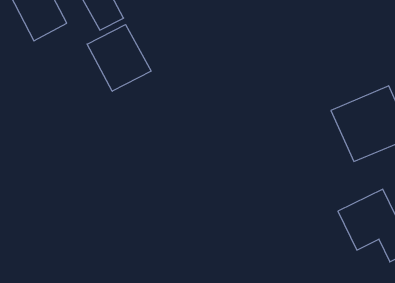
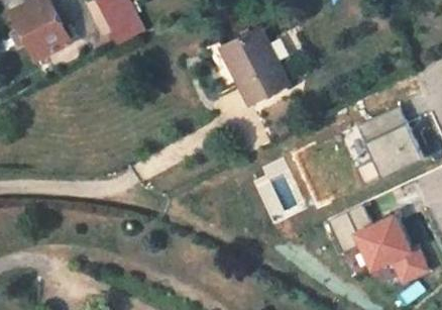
building: none -> [217,35,285,110]
building: [87,25,151,91] -> none

